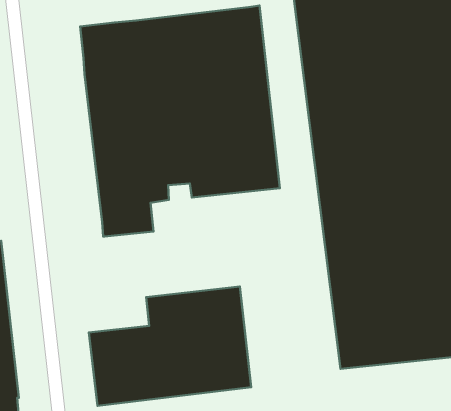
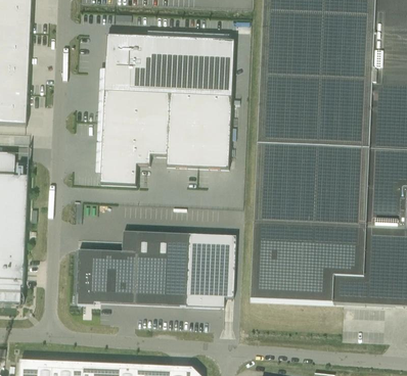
building: none -> [187,231,226,304]

